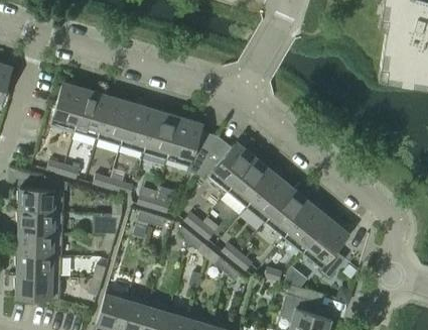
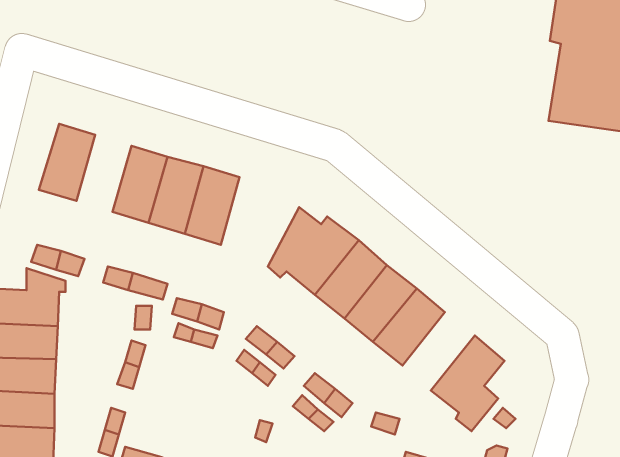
building: [75,89,110,138] -> none
building: [167,116,218,174] -> none
building: [284,203,330,253] -> none

